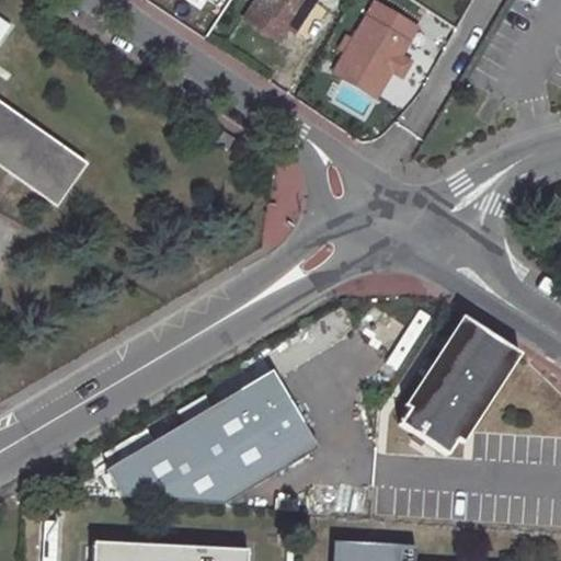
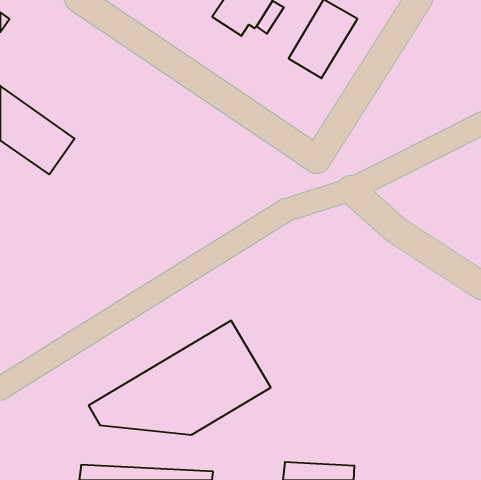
building: [398,317,520,456] -> none

